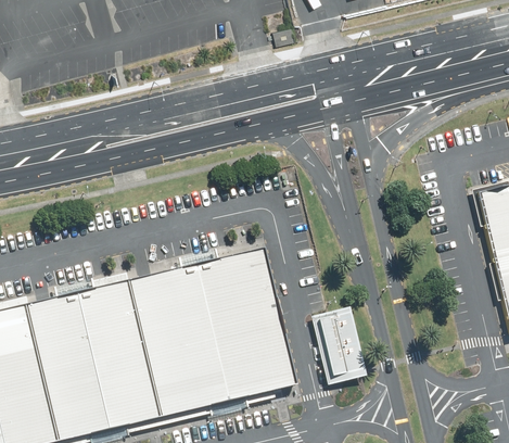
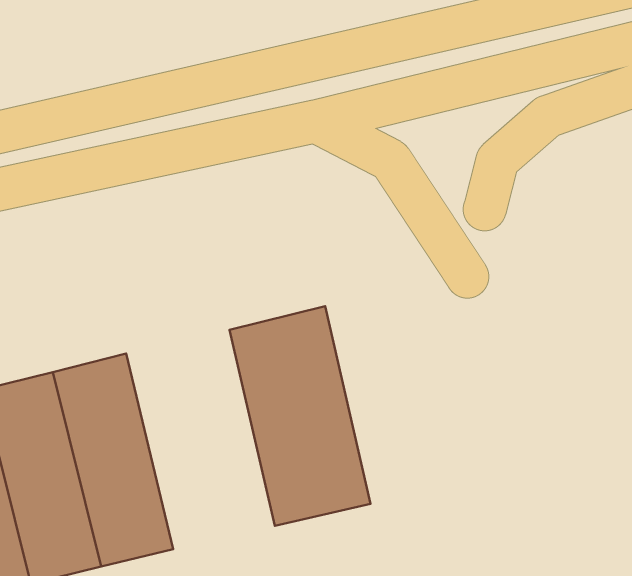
building: [124,265,227,417] -> none
building: [313,307,362,383] -> none

